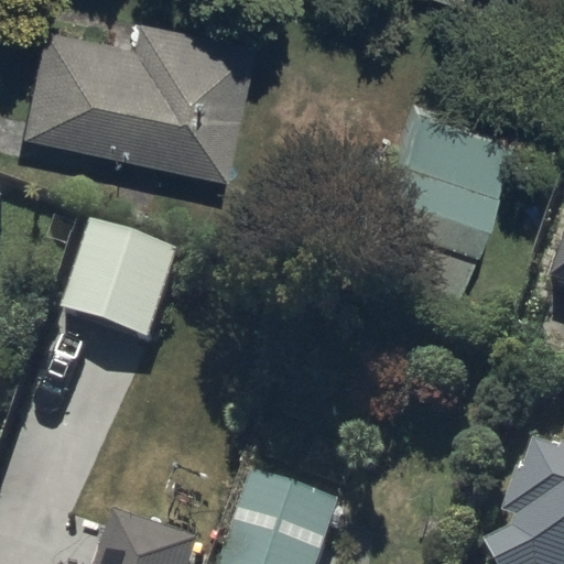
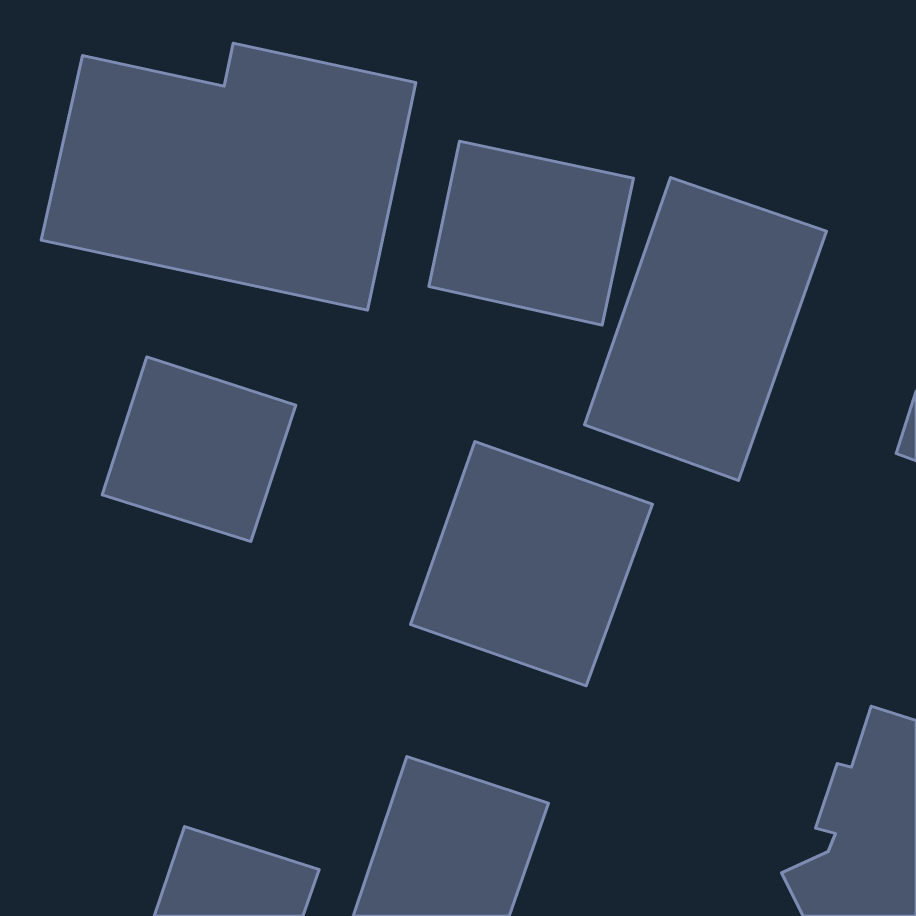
building: none -> [429,141,634,325]
building: none -> [410,441,653,686]

